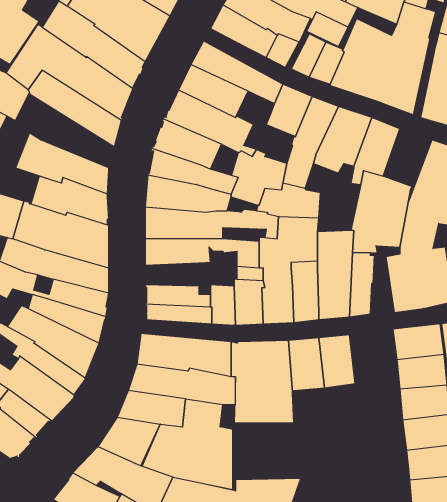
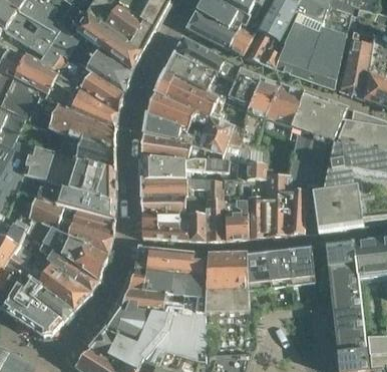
building: none -> [55,74,119,127]
building: none -> [313,99,348,141]
building: none -> [141,196,185,213]
building: none -> [289,245,315,283]

